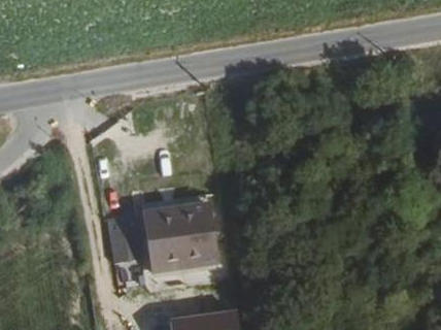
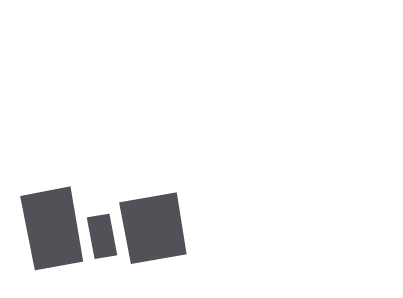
building: none -> [19,186,84,271]

